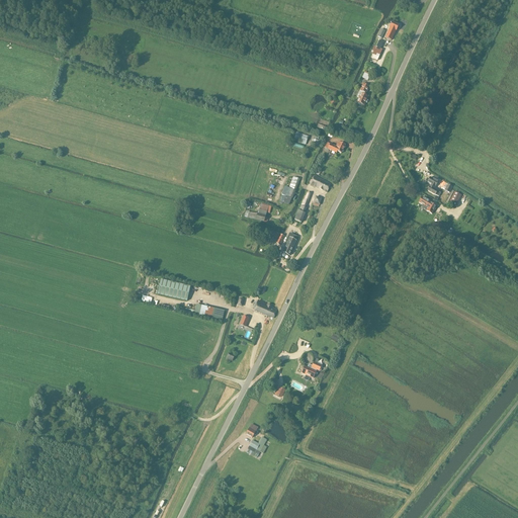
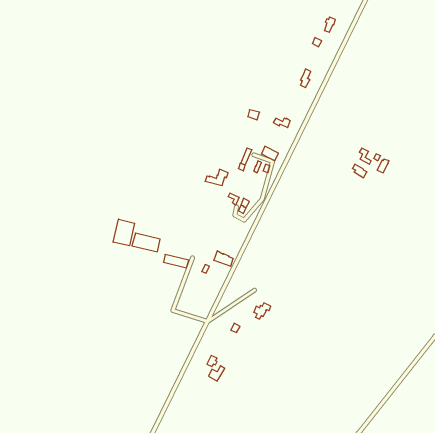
building: none -> [113,219,135,246]

